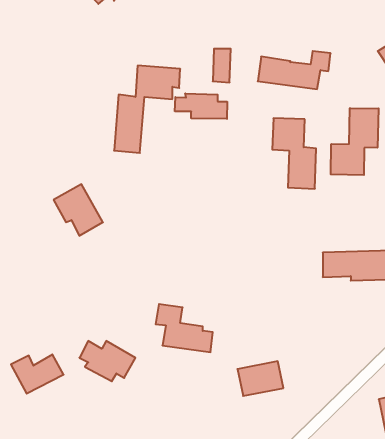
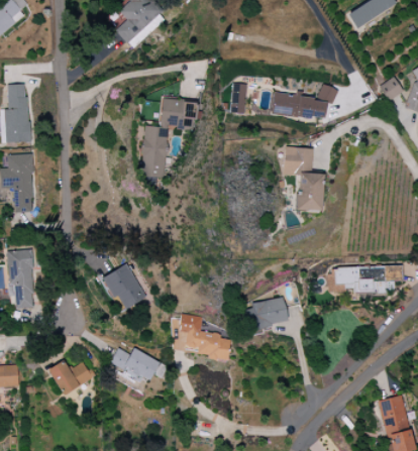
building: [175,93,227,119] -> none
building: [331,108,379,175] -> none
building: [54,184,103,236] -> [102,263,146,310]
building: [237,361,283,396] -> [247,298,289,329]

